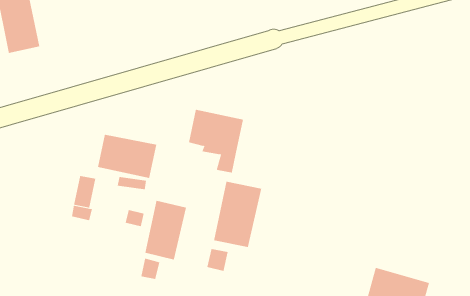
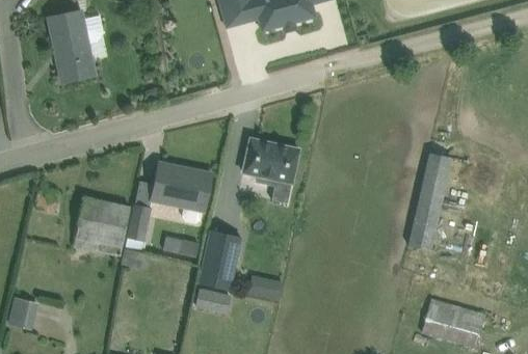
building: none -> [410,153,450,251]
building: none -> [74,197,128,247]
building: [214,181,262,248] -> none

